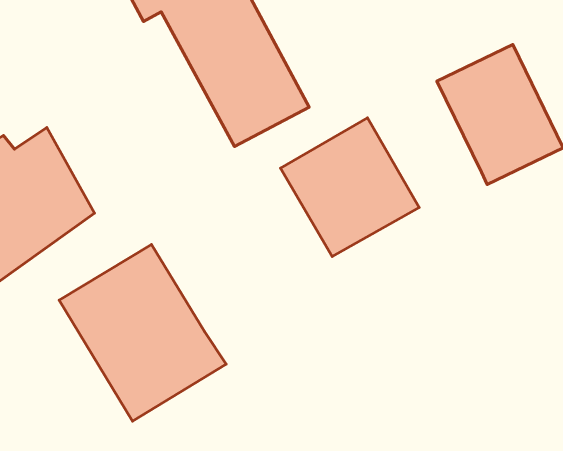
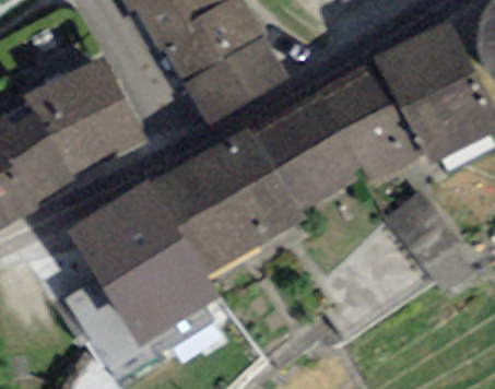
building: none -> [45,56,160,175]
building: none -> [309,69,401,170]
building: none -> [137,139,281,270]

